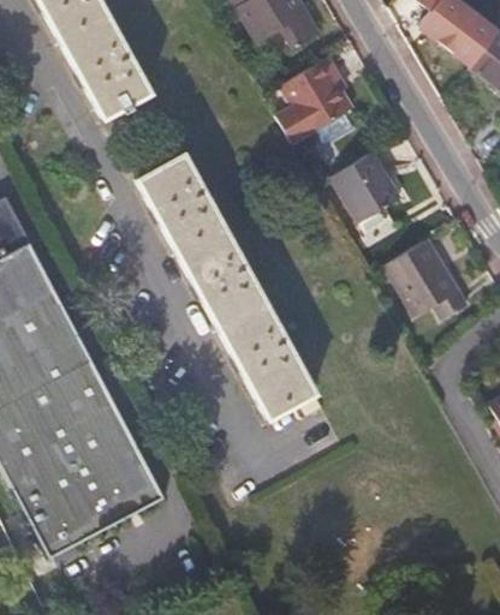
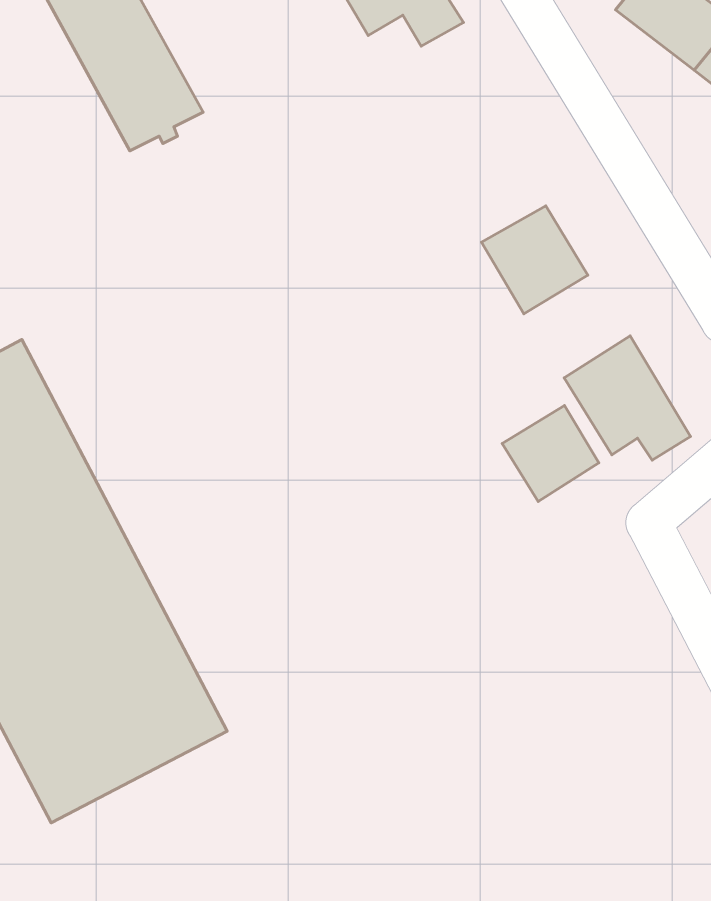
building: [278,56,351,136] -> none
building: [137,151,315,417] -> none
building: none -> [502,405,599,501]

